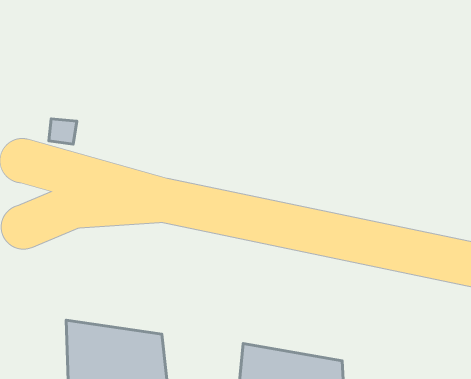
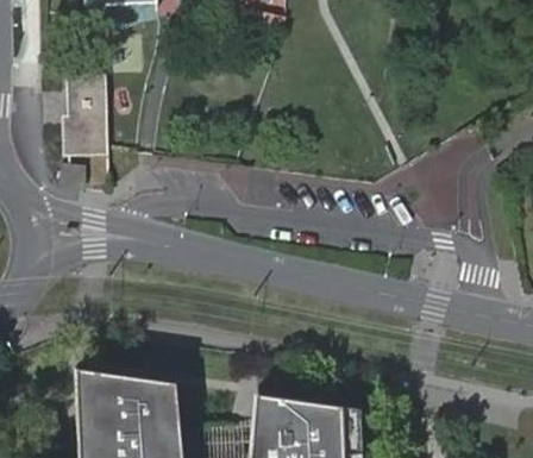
building: none -> [65,80,107,155]

